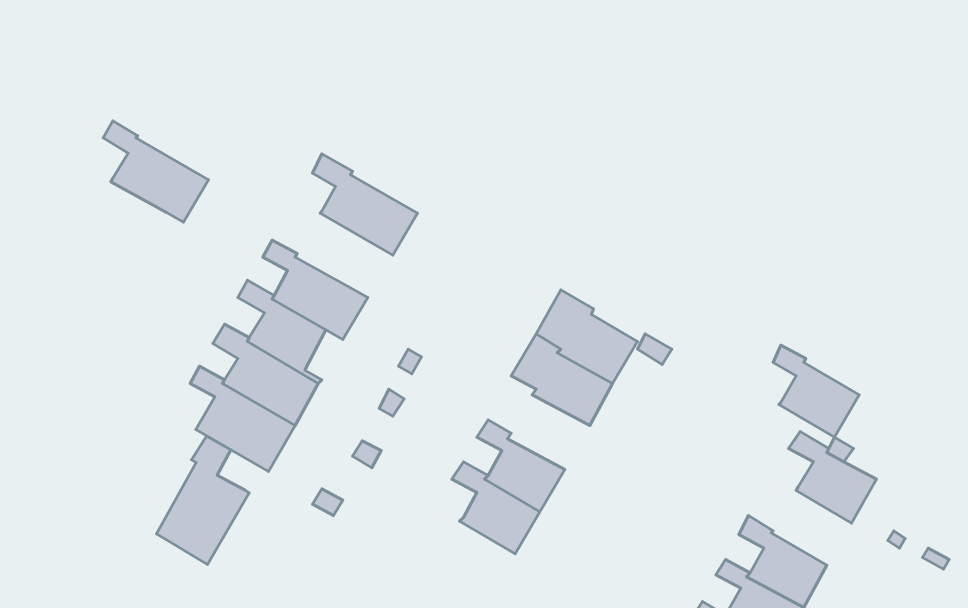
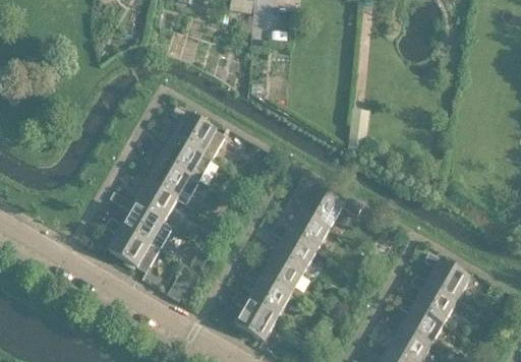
building: [103,121,209,222] -> [157,127,213,181]
building: [773,345,859,437] -> [411,275,457,323]
building: none -> [271,223,317,273]
building: [156,436,249,565] -> none
building: none -> [232,291,278,341]

